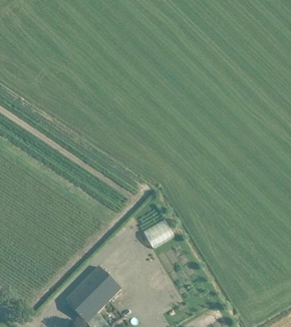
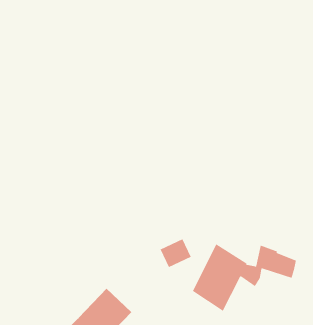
building: none -> [192,243,297,312]

